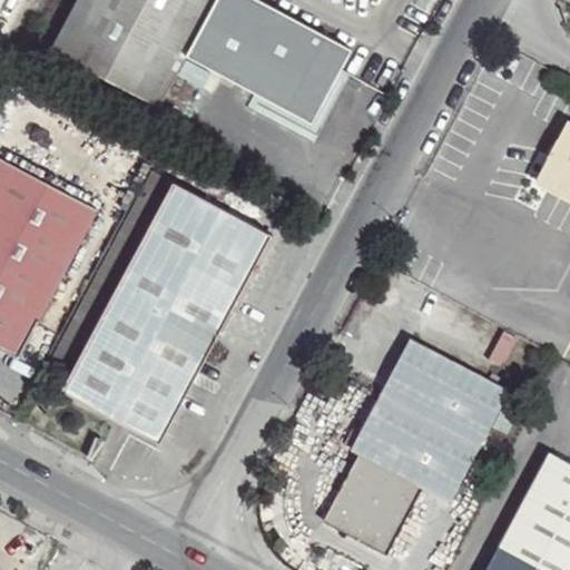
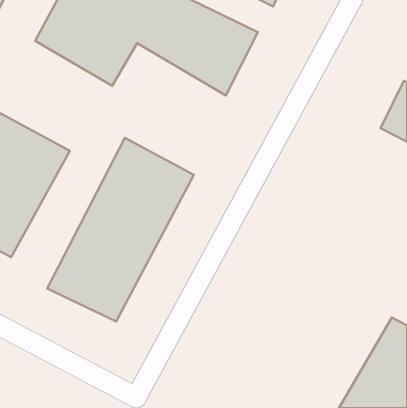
building: [321,327,517,547] -> none

